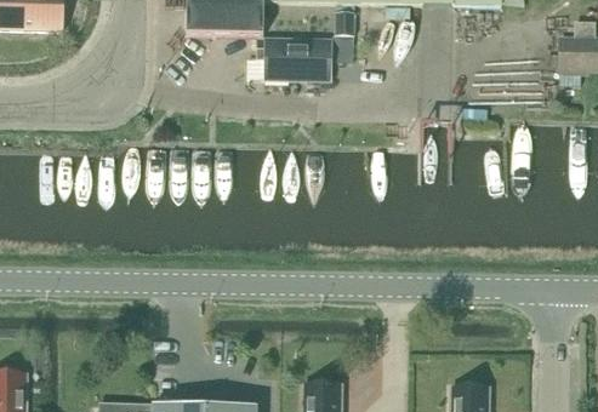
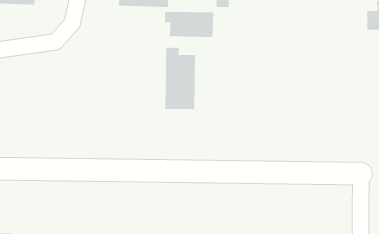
building: none -> [165,47,196,110]

